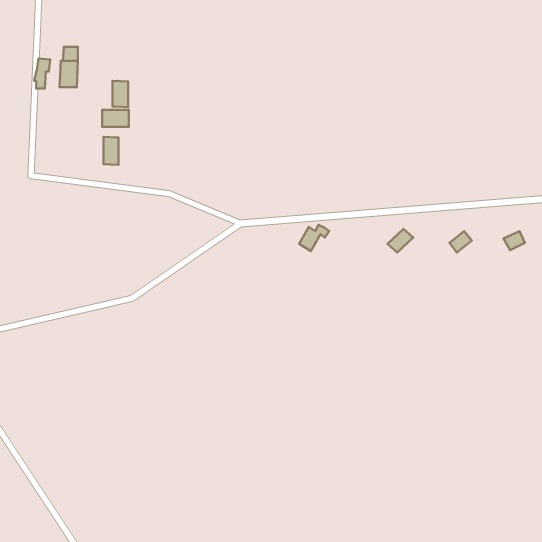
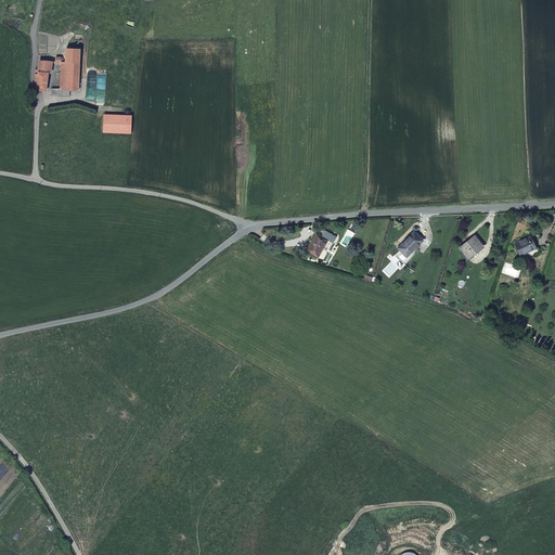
building: [112,81,128,107] -> none
building: [103,137,118,165] -> none

